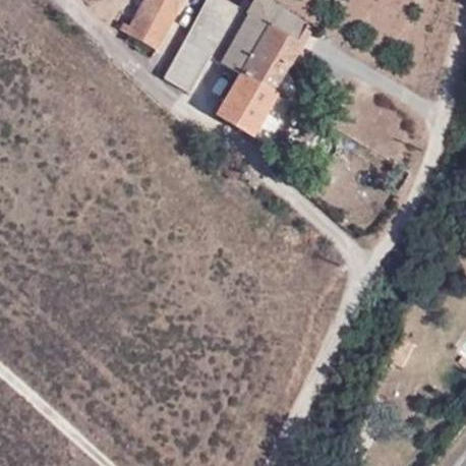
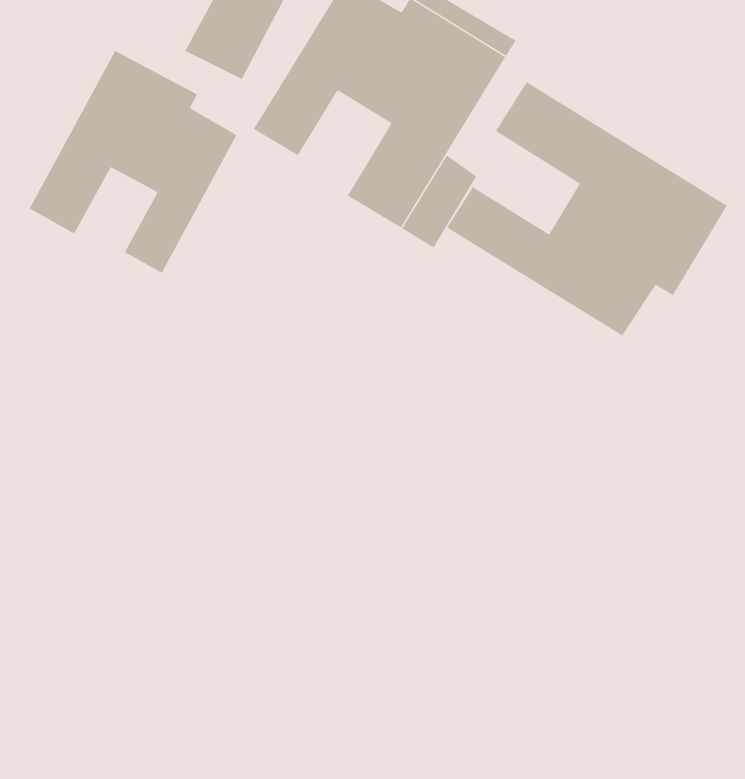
building: none -> [28,50,238,274]
building: none -> [446,81,728,336]

